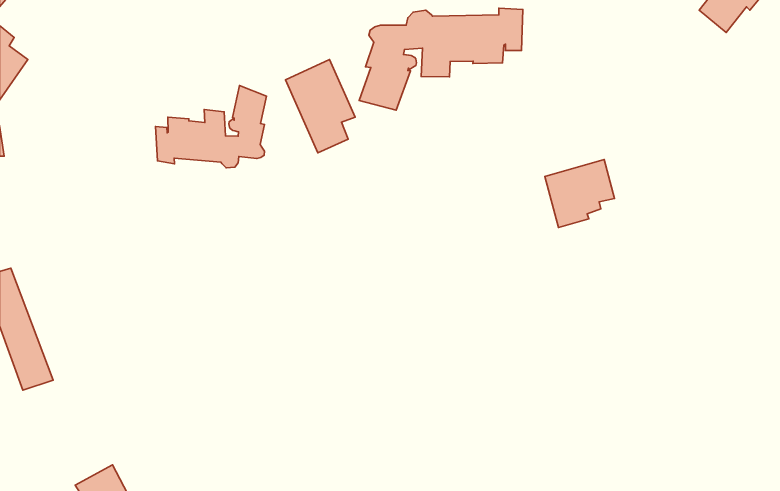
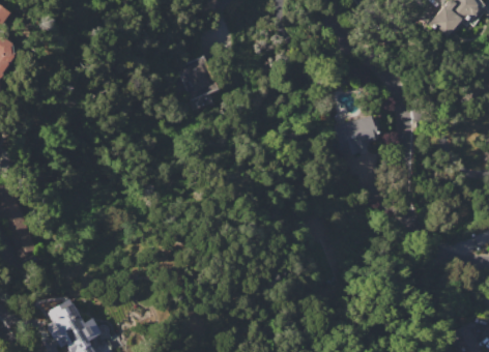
building: [359,8,523,110] -> none
building: [155,86,266,168] -> none

